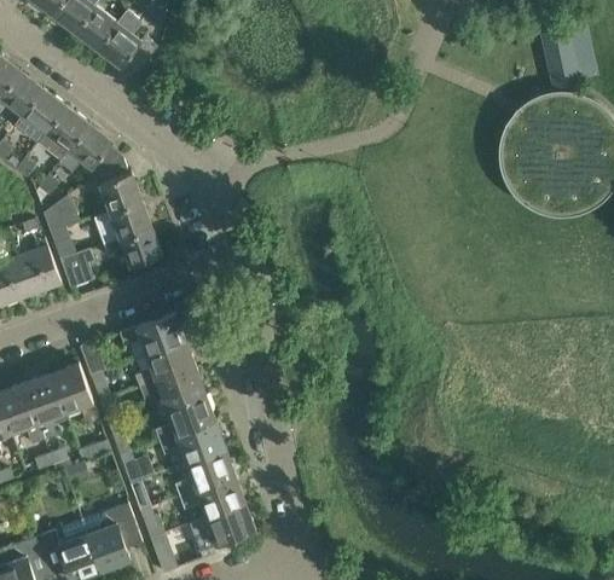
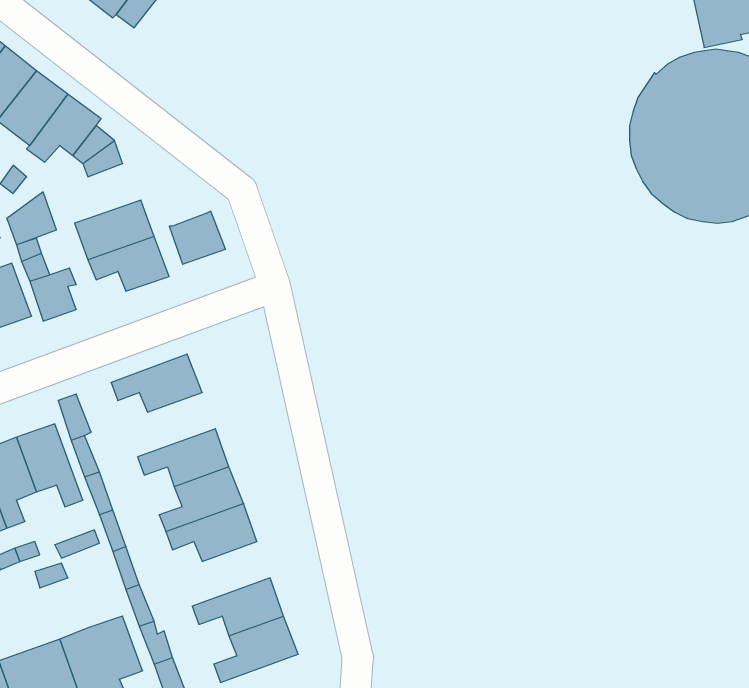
building: [100,172,141,210] -> [169,211,226,264]
building: [135,340,196,387] -> none
building: [175,448,236,495] -> none

